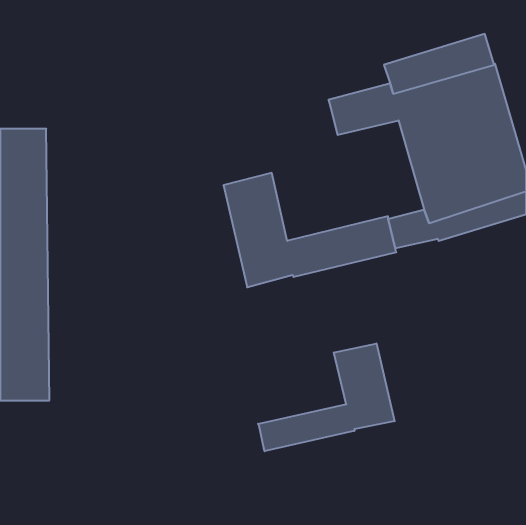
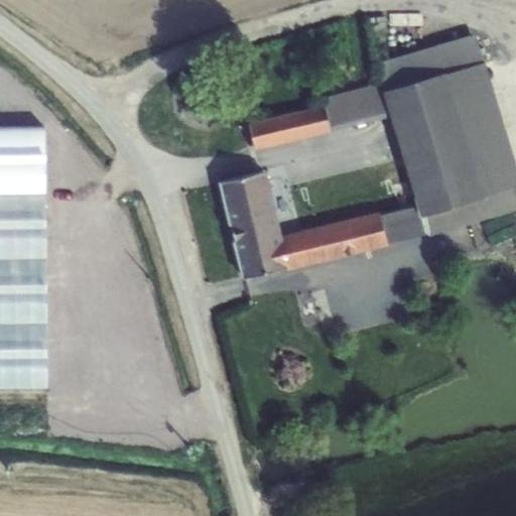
building: none -> [248,105,331,151]
building: [258,343,395,451] -> none

